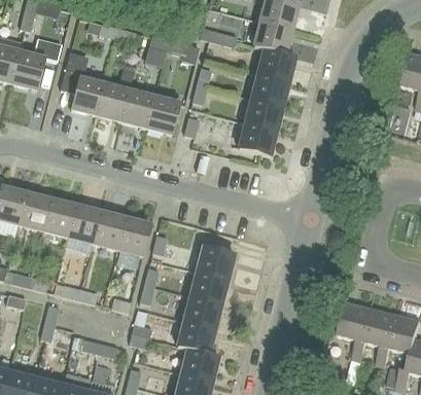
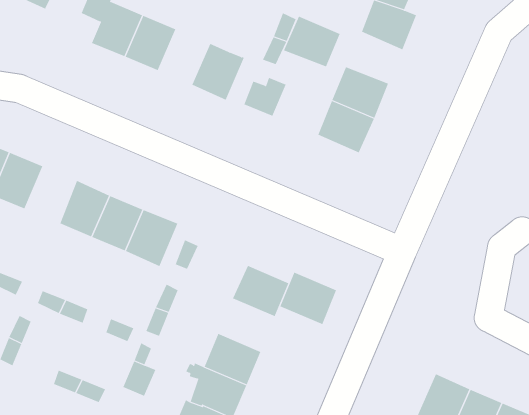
building: [251,72,289,105] -> [283,16,340,67]
building: [121,89,154,127] -> none
building: [43,199,76,237] -> none
building: [190,271,229,304] -> [280,272,337,325]

